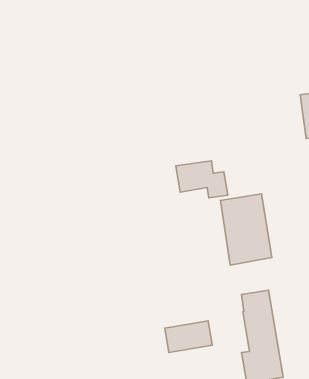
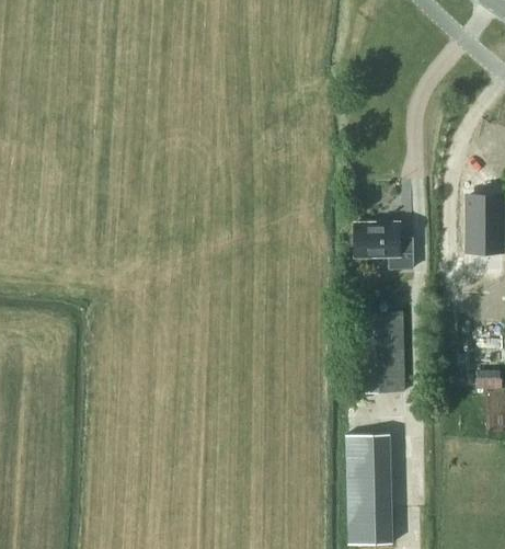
building: [176,161,228,198] -> [351,225,410,270]
building: [165,321,212,353] -> none

